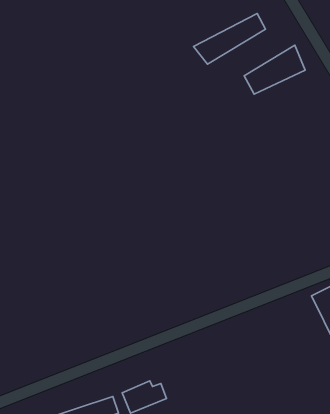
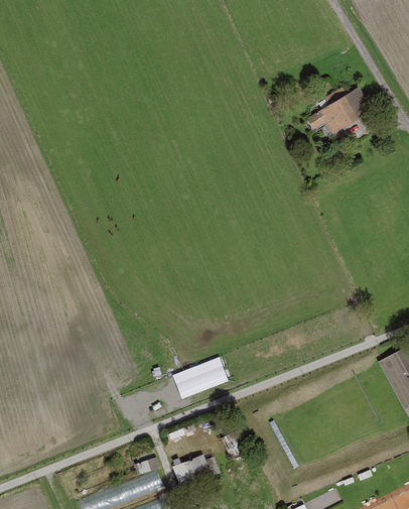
building: [193,14,265,64] -> none
building: none -> [175,358,231,396]

